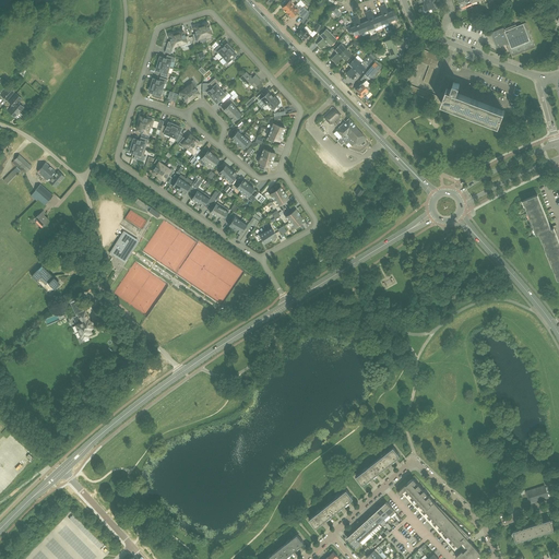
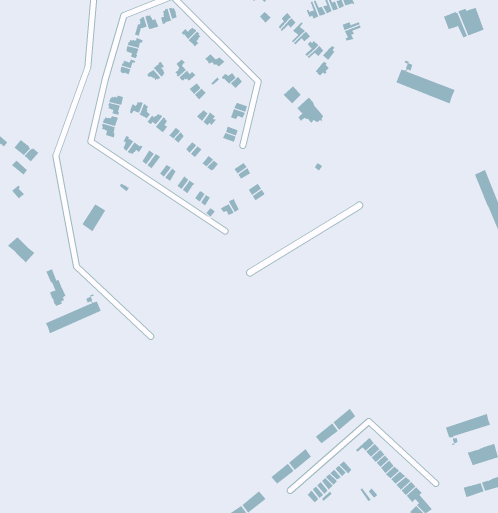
building: none -> [45,293,102,334]
building: none -> [445,413,491,446]

